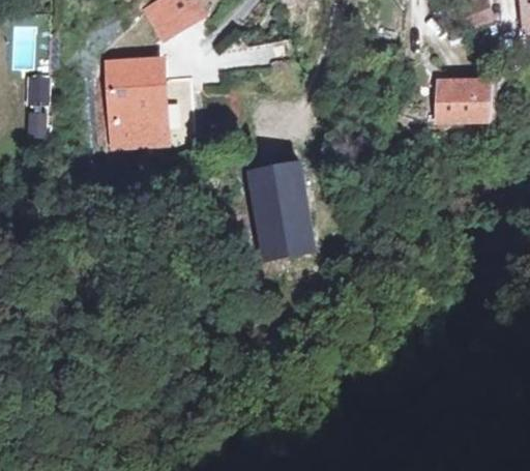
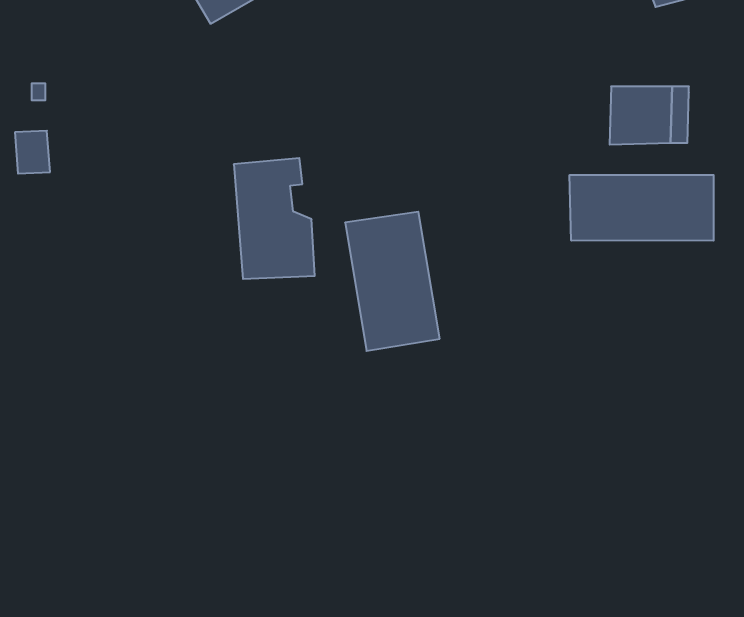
building: [112,63,167,145] -> [234,158,315,279]
building: none -> [570,175,714,241]

